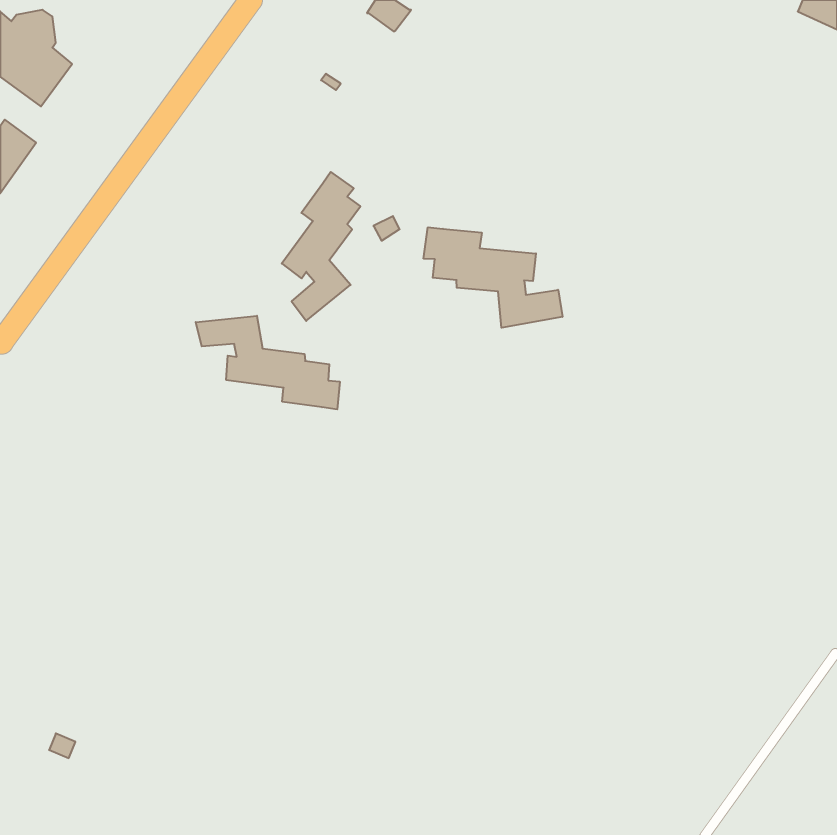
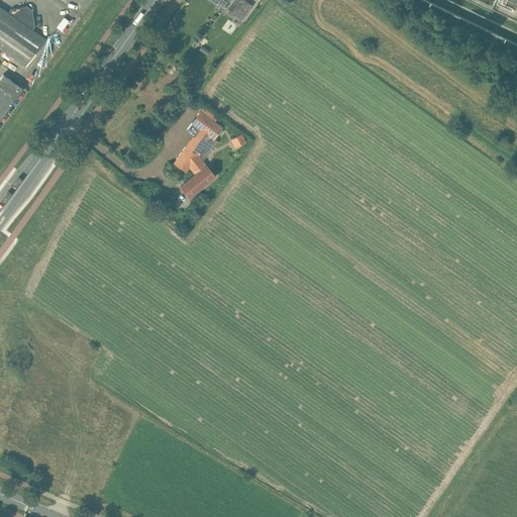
building: [424,227,562,328] -> none
building: [196,316,340,409] -> none

